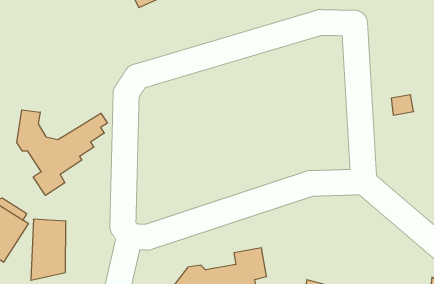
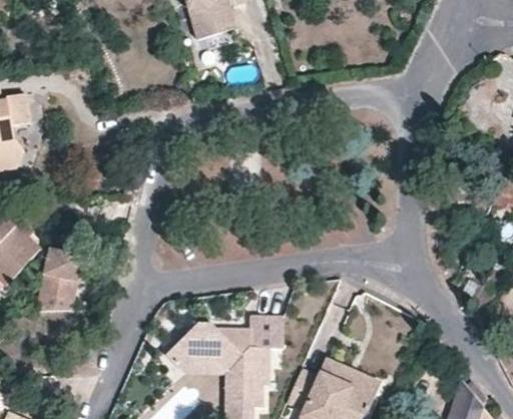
building: [17,110,107,195] -> none

